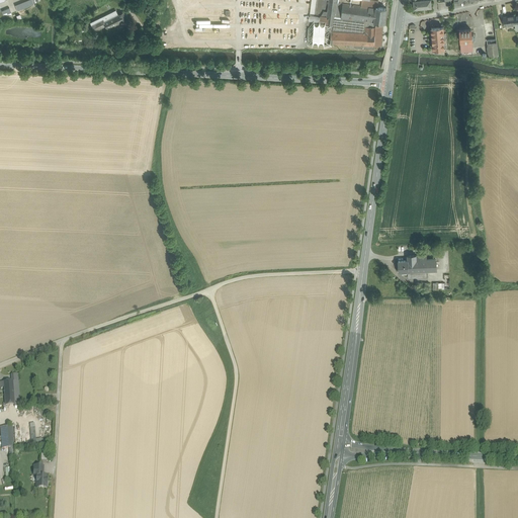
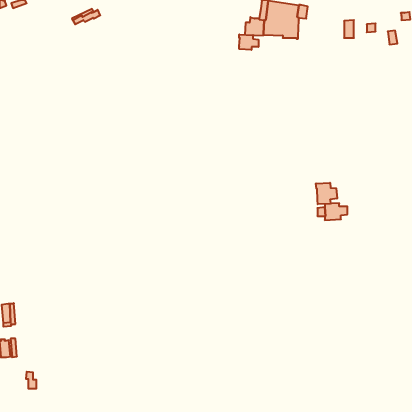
building: none -> [239,34,258,50]
building: none -> [316,183,337,204]

